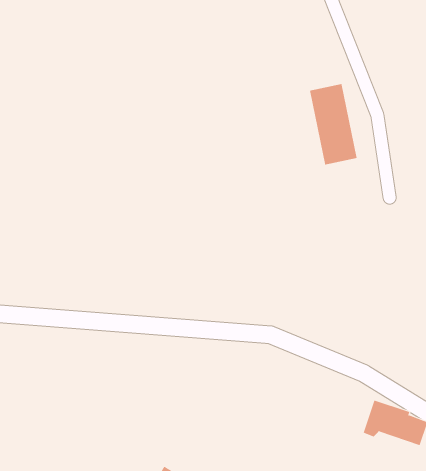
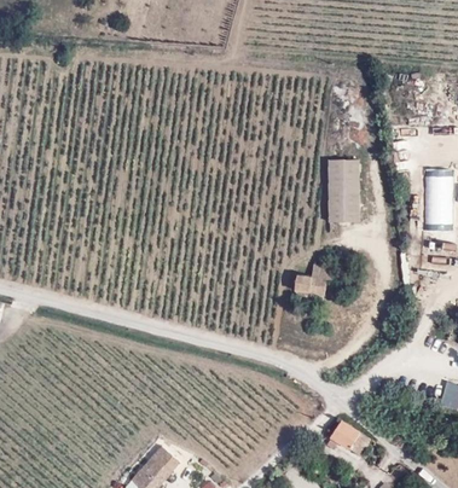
building: none -> [292,263,332,295]

